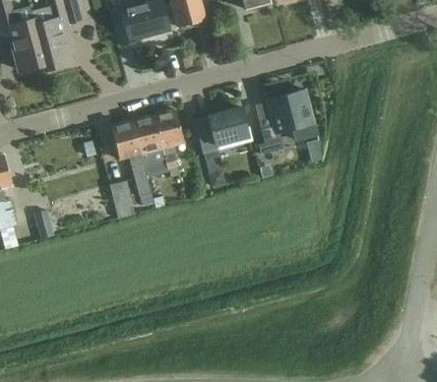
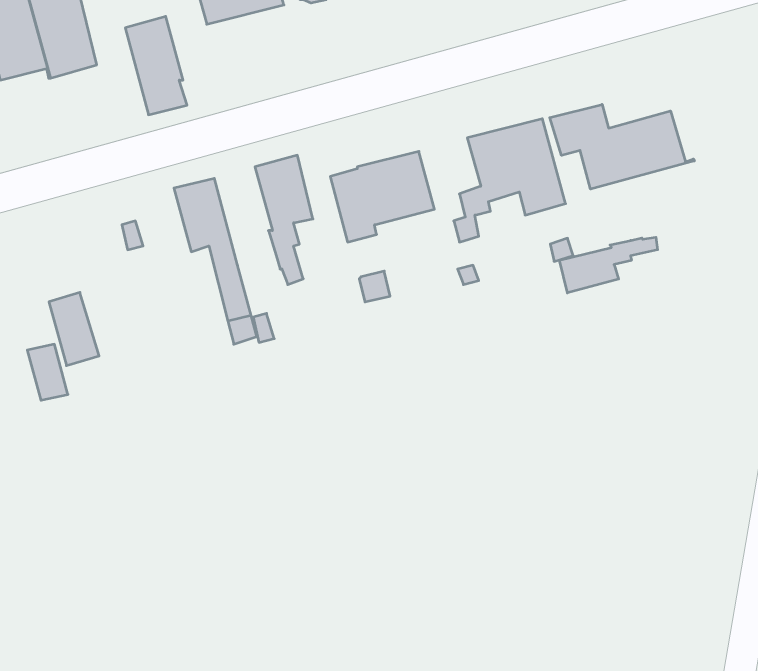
building: none -> [550,104,694,189]
building: [132,115,165,167] -> [125,16,187,115]
building: none -> [560,237,658,293]
building: [110,180,136,218] -> [49,292,99,366]

